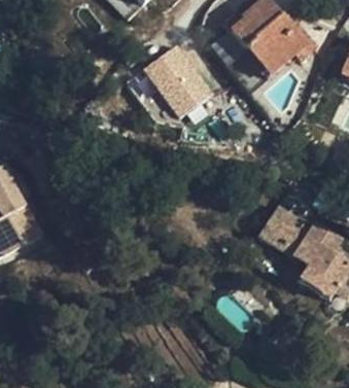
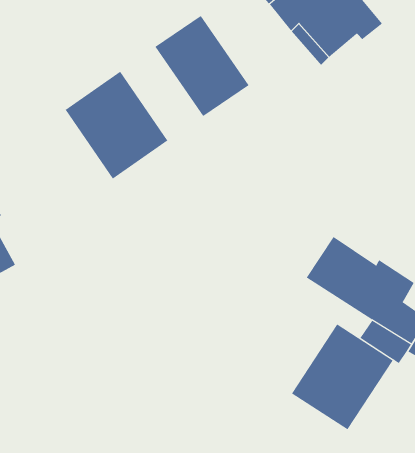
building: none -> [65,71,168,179]
building: none -> [291,324,394,430]

